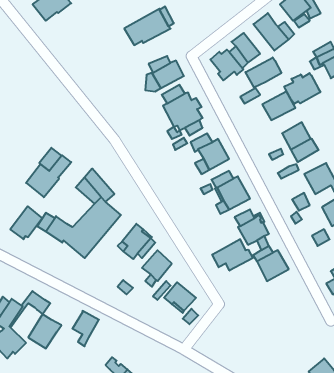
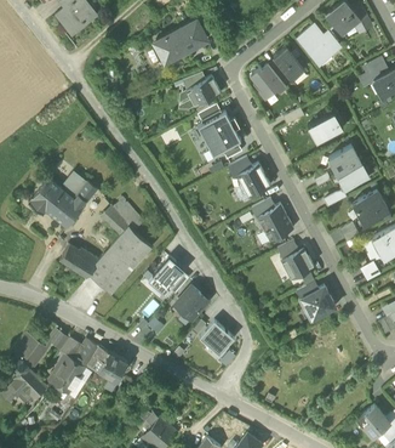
building: [245,57,281,88] -> none
building: [284,73,320,104] -> none
building: [10,206,42,239] -> [28,177,63,214]
building: [212,239,253,271] -> none
building: none -> [75,340,109,372]

